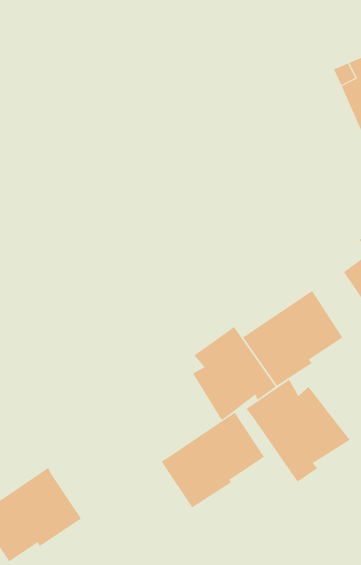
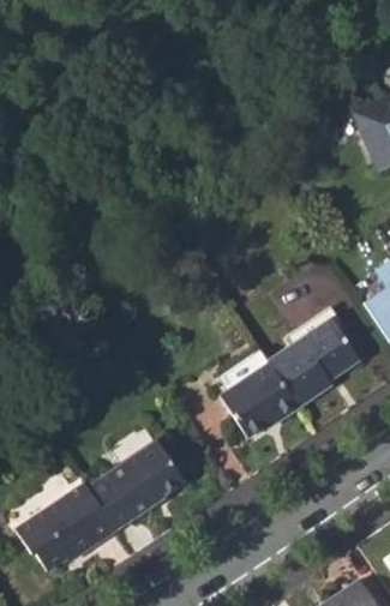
building: [246,379,350,482] -> none
building: [161,412,265,508] -> [88,439,185,529]

